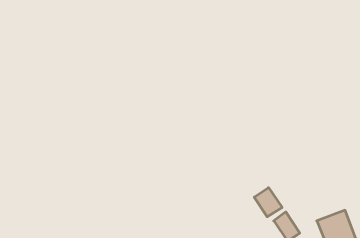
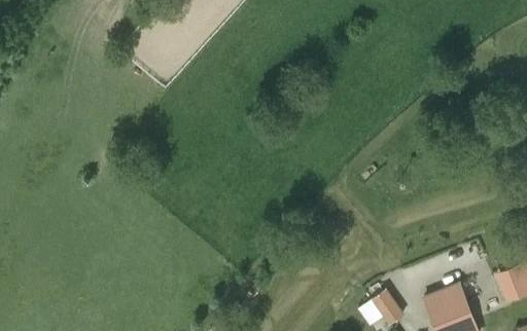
building: [254,188,282,217] -> none

